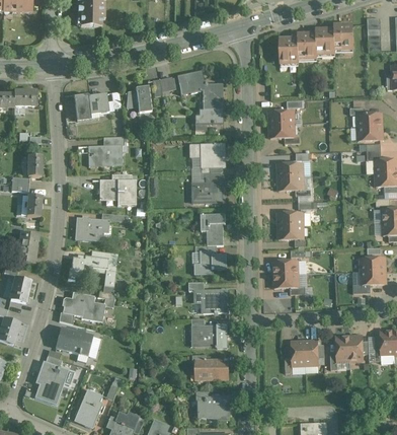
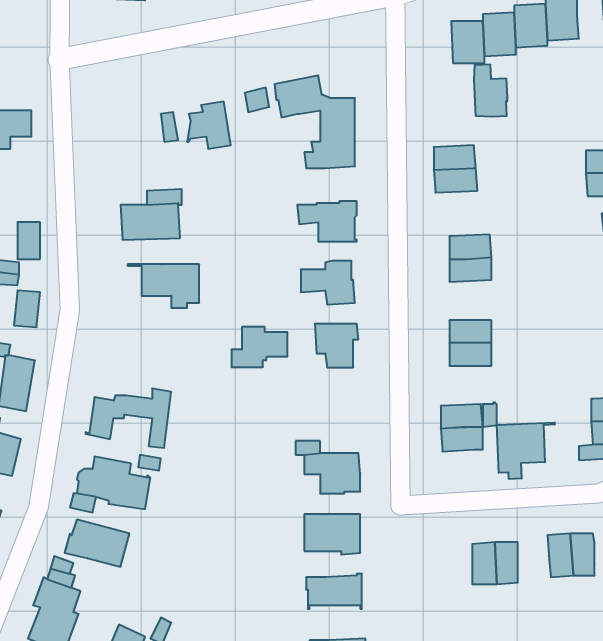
building: none -> [474,64,507,117]
building: [73,93,107,116] -> none
building: [74,217,108,241] -> none
building: [193,250,226,274] -> [231,327,287,367]
building: none -> [497,422,555,479]

